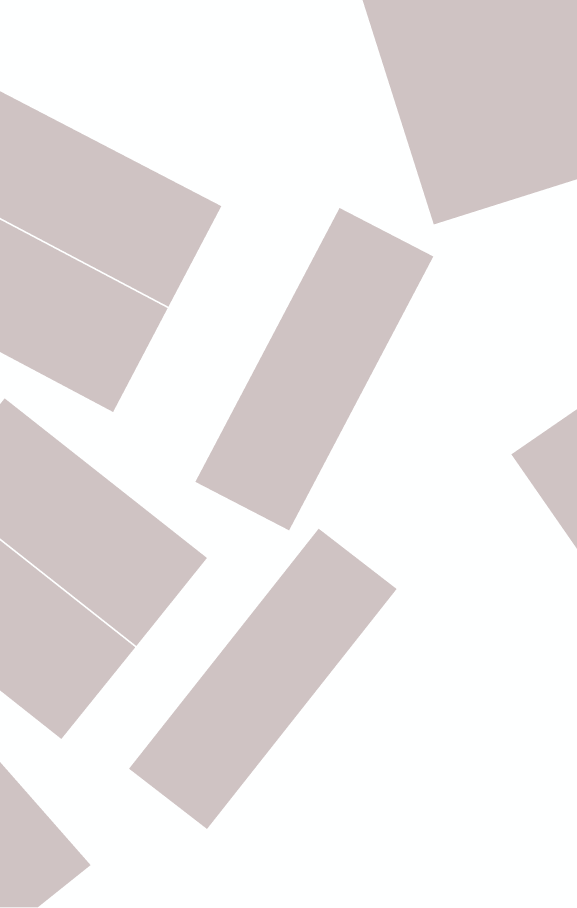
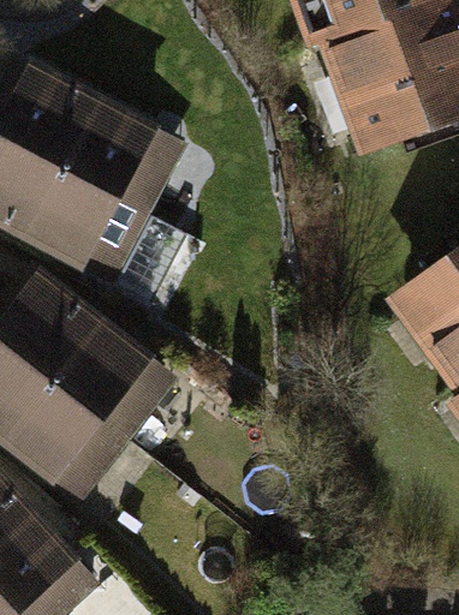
building: [194,207,435,531] -> none
building: [128,527,398,830] -> none

